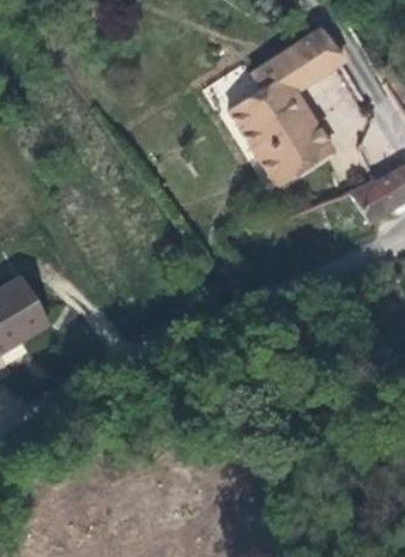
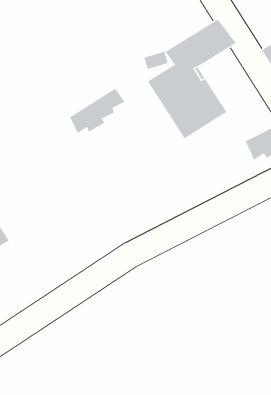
building: none -> [70,88,125,134]

